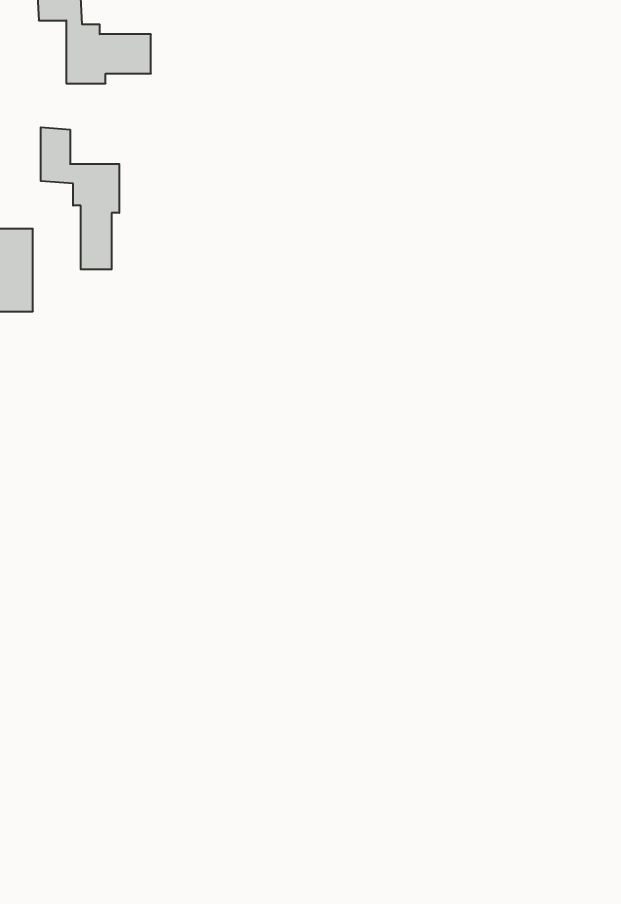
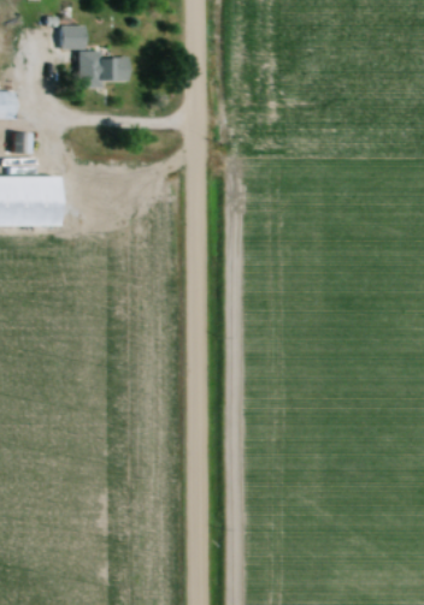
building: [41,127,119,269] -> none

